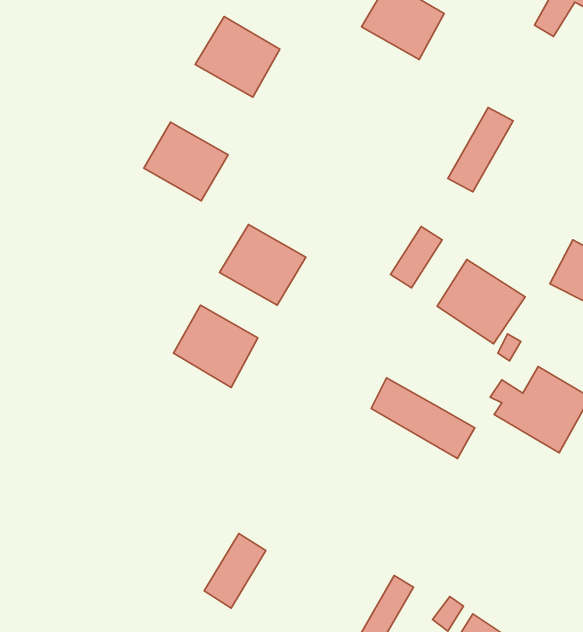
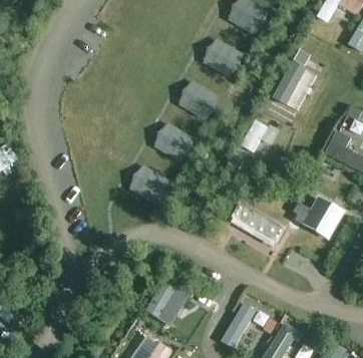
building: [195,17,280,97] -> [201,35,245,77]
building: [144,122,228,201] -> [176,78,221,119]
building: [437,260,525,344] -> none

